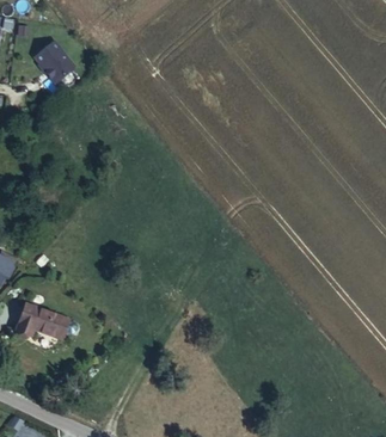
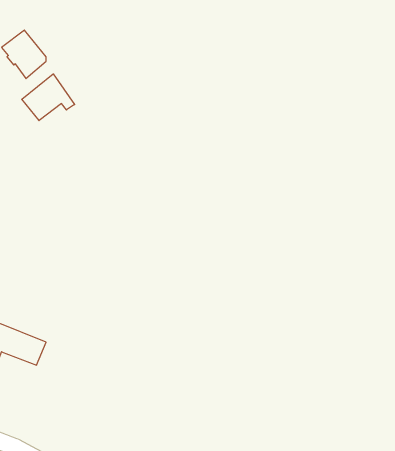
building: none -> [22,74,75,121]

